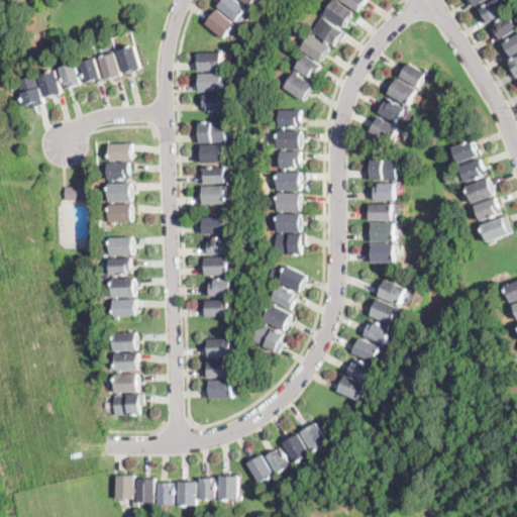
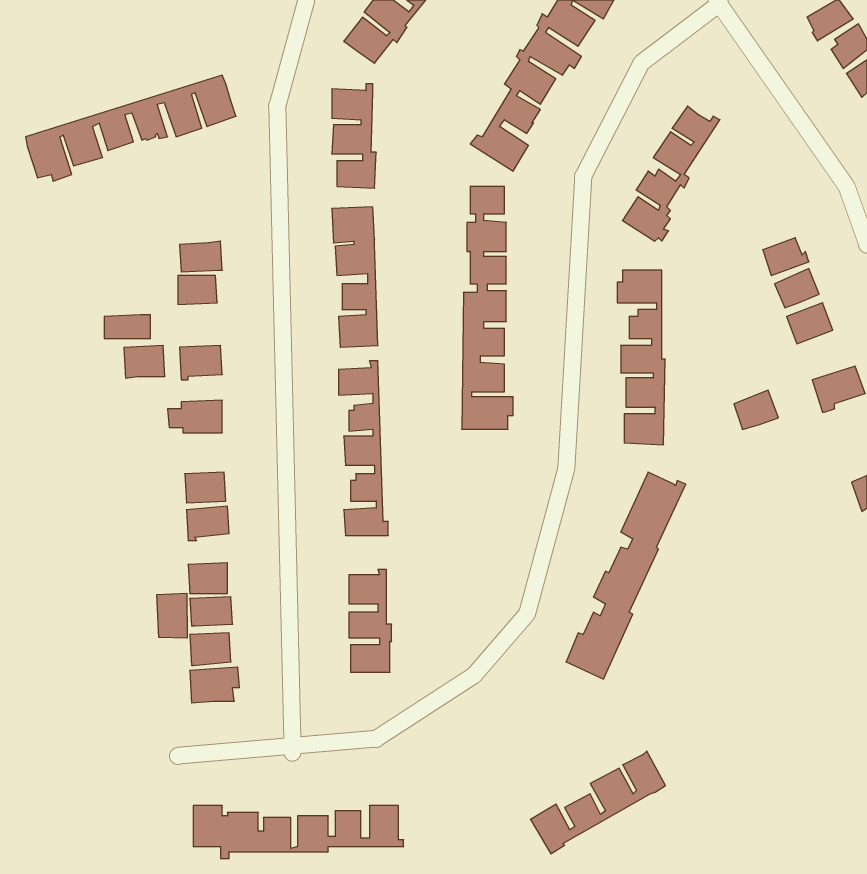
building: [106,183,130,202] -> [124,346,165,378]
building: [473,197,499,220] -> [734,390,778,430]
building: [107,257,130,275] -> none
building: [249,267,304,353] -> none
building: none -> [157,593,187,638]
building: [244,423,324,484] -> [530,751,665,854]

